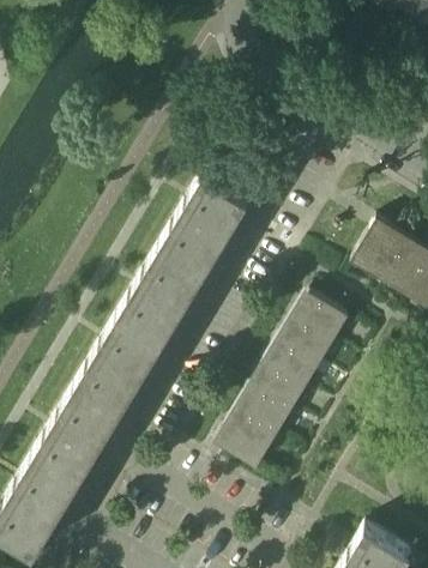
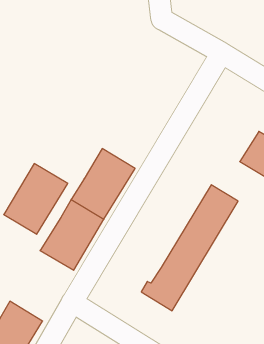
building: [164,170,253,268] -> none
building: [36,382,125,481] -> [4,164,68,234]

